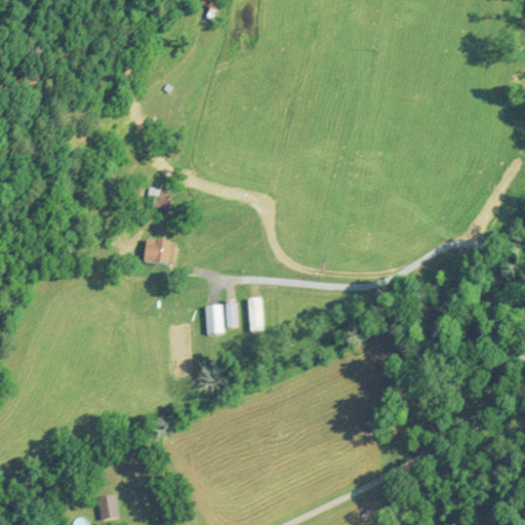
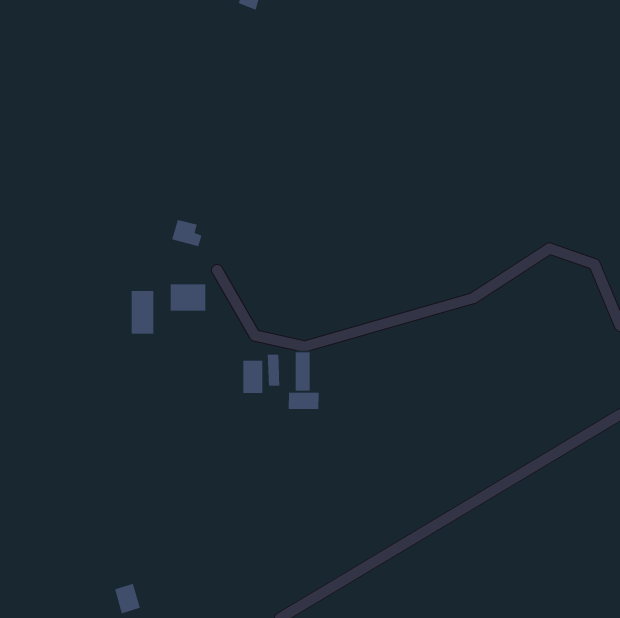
building: none -> [131,290,154,335]
building: none -> [288,392,320,410]

